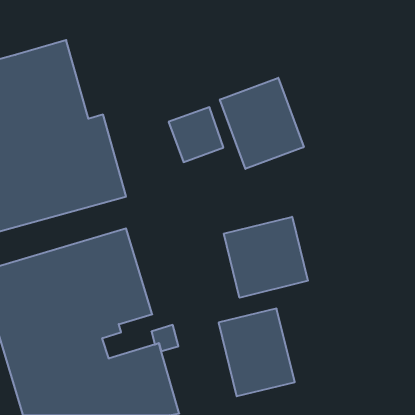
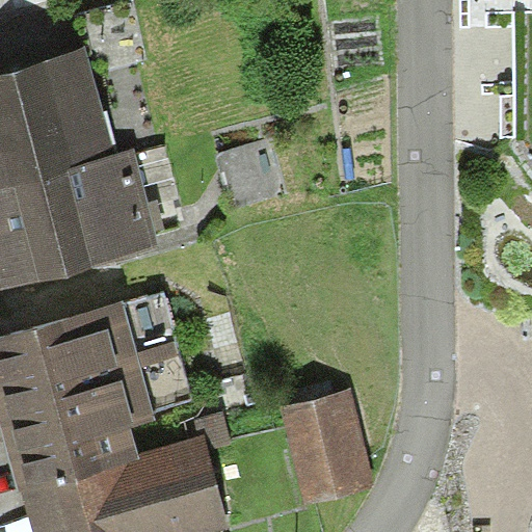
building: [220,78,304,169] -> none
building: [224,217,308,298] -> none

